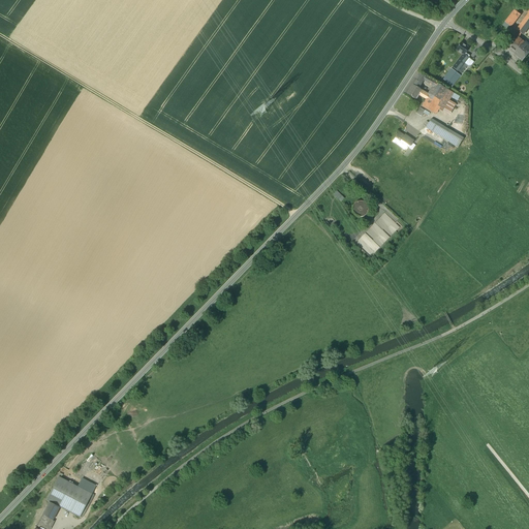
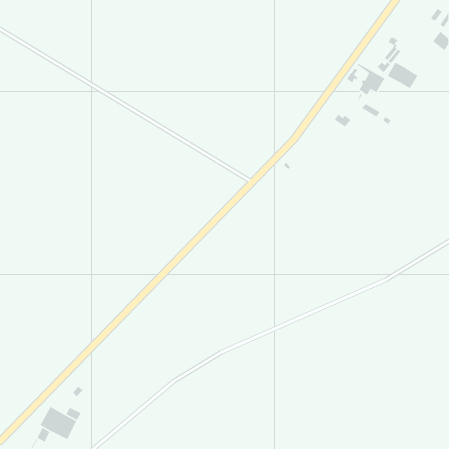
building: none -> [387,62,419,89]

